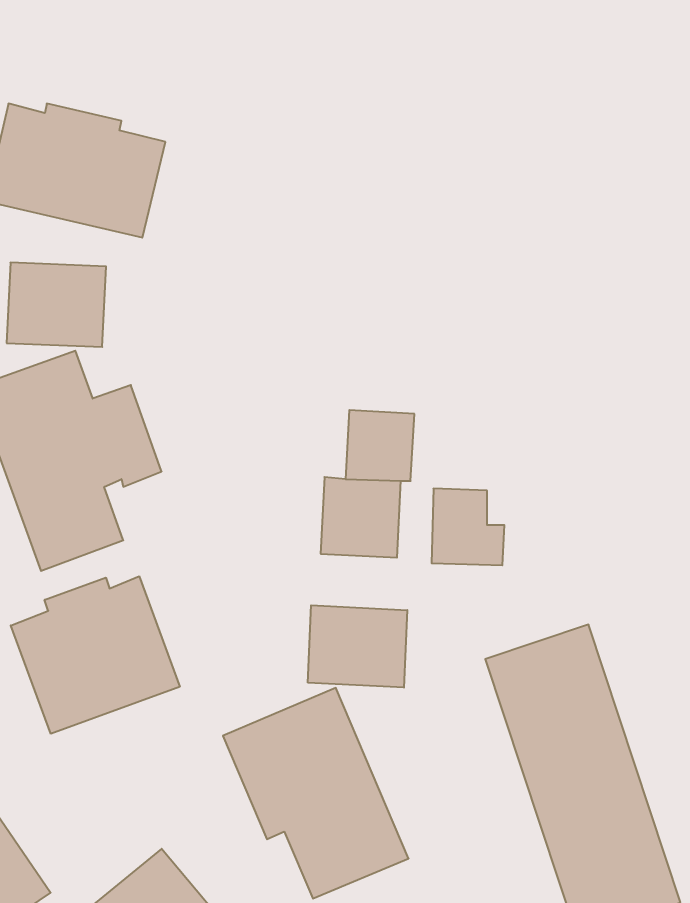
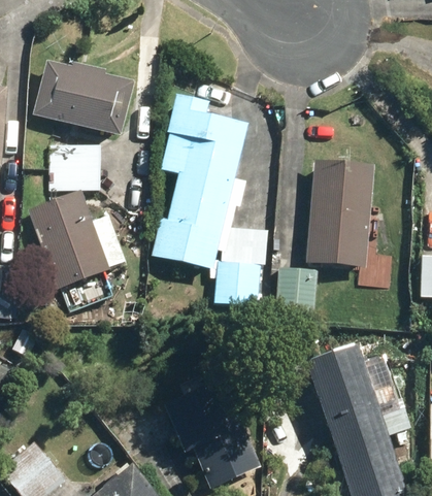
building: none -> [149,94,246,269]
building: none -> [309,162,371,265]
building: [11,576,180,734] -> none
building: [308,605,407,688] -> none

